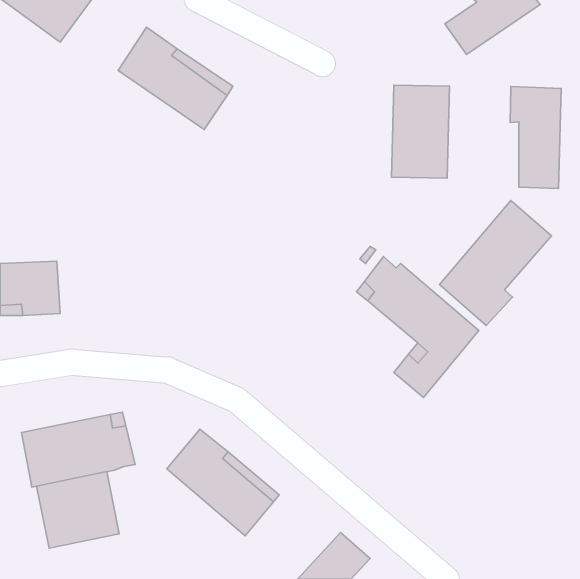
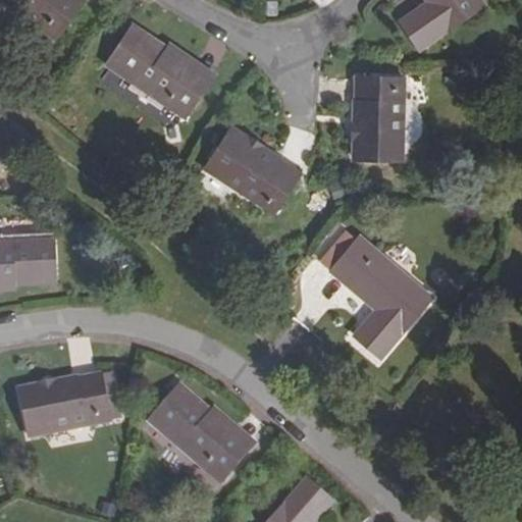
building: [510,86,561,189] -> none
building: none -> [204,126,299,212]
building: [439,201,551,326] -> none
building: [37,472,119,548] -> none

